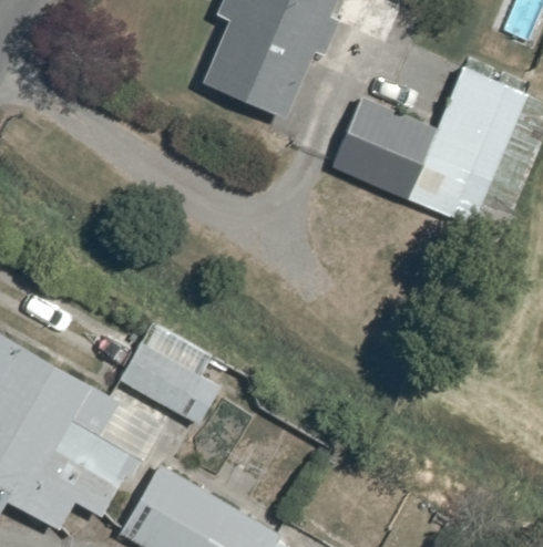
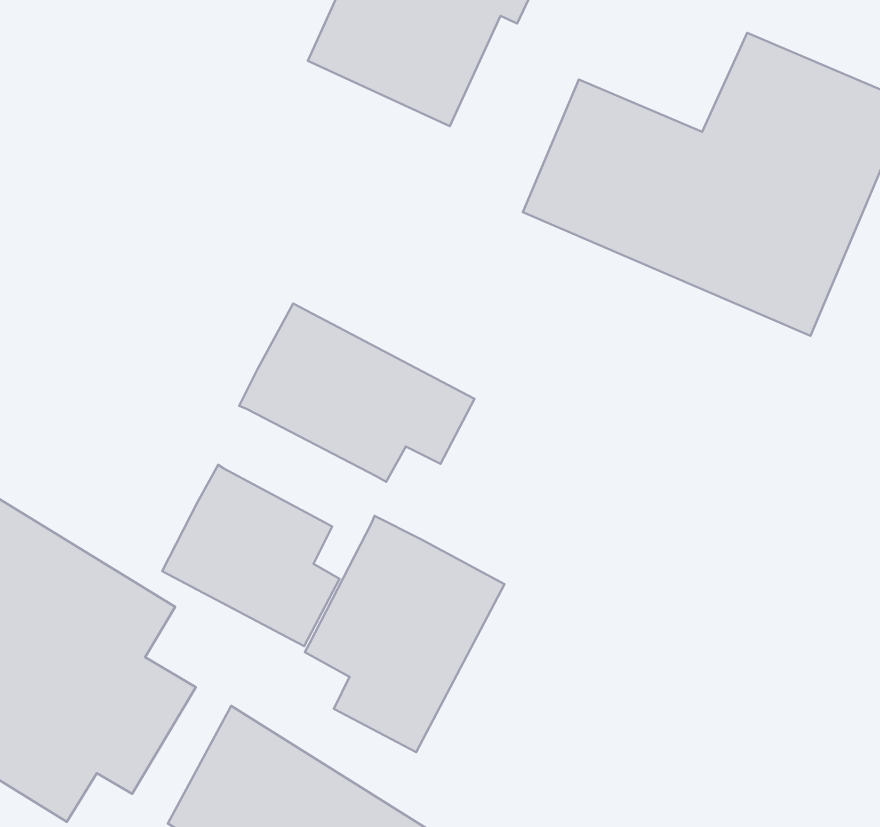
building: none -> [239,303,474,482]
building: none -> [305,516,505,752]

